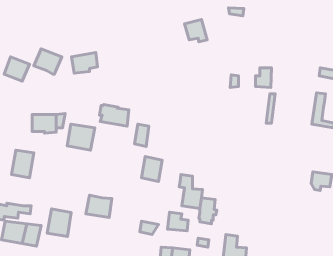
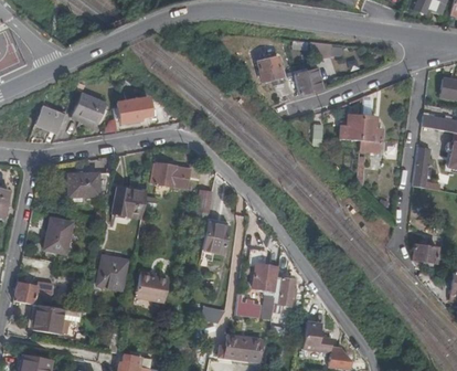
building: none -> [293,68,321,94]
building: none -> [362,116,383,145]
building: [47,209,71,237] -> [97,254,127,288]

